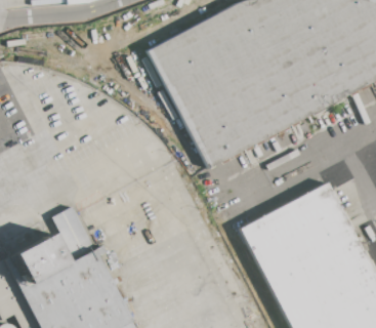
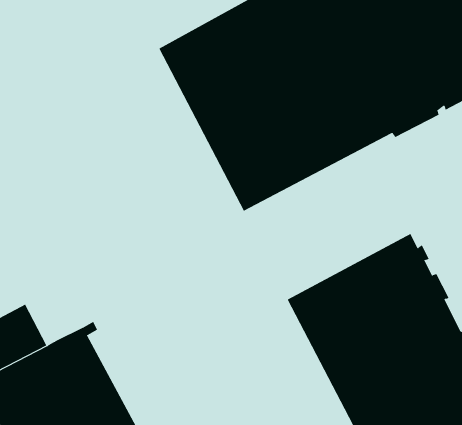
building: [53,208,95,260] -> none

